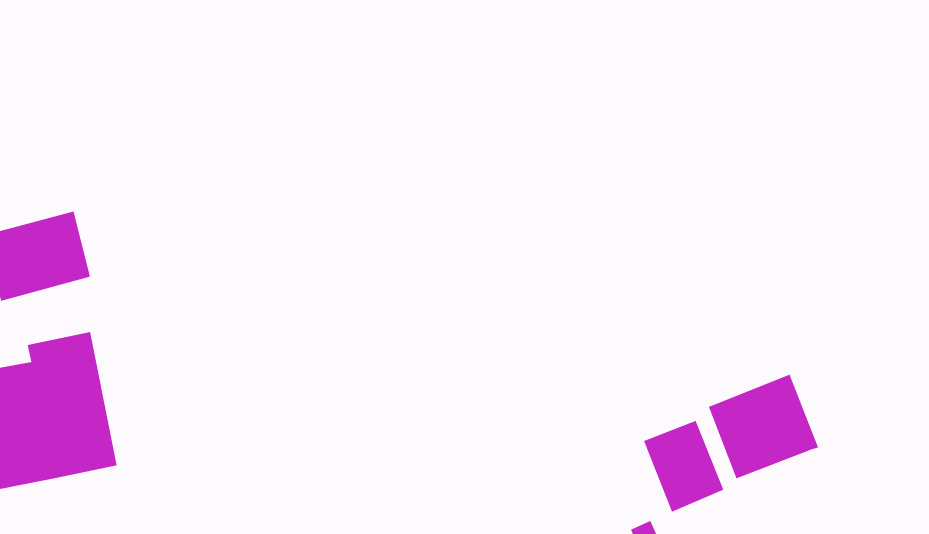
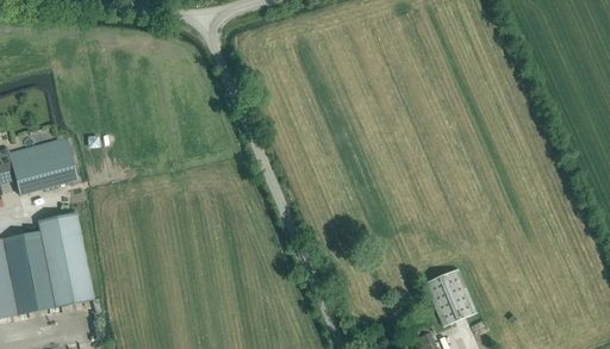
building: [708,374,819,479] -> none

